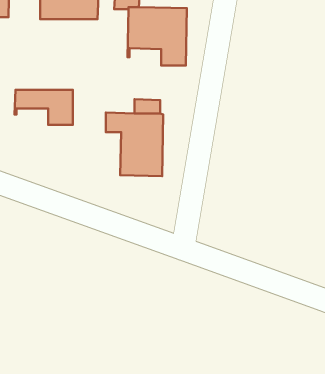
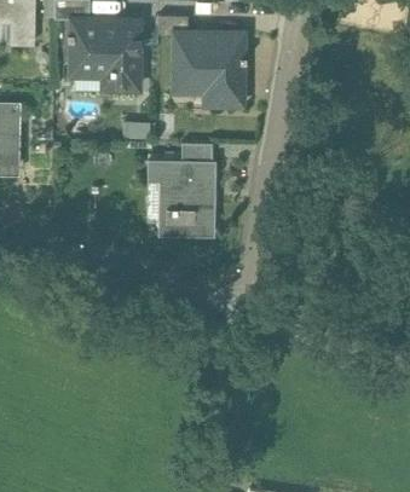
building: [14,90,73,125] -> [69,48,138,89]

